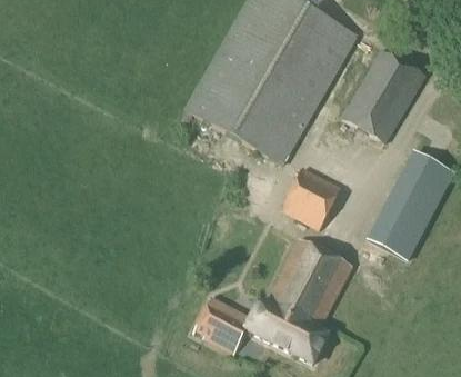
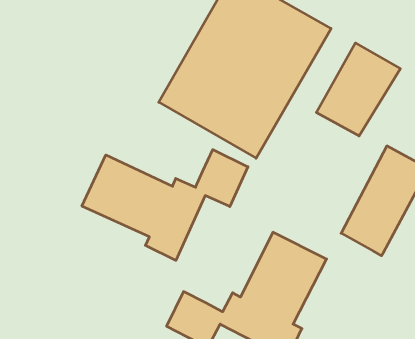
building: none -> [82,150,248,260]
building: [282,168,341,228] -> none

